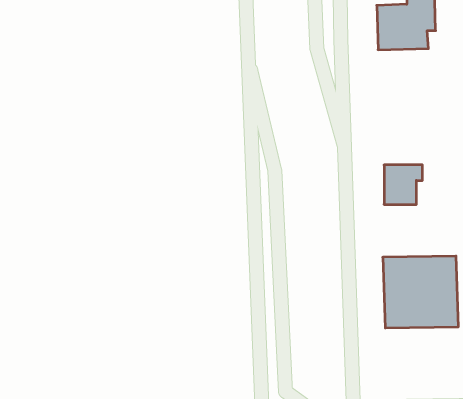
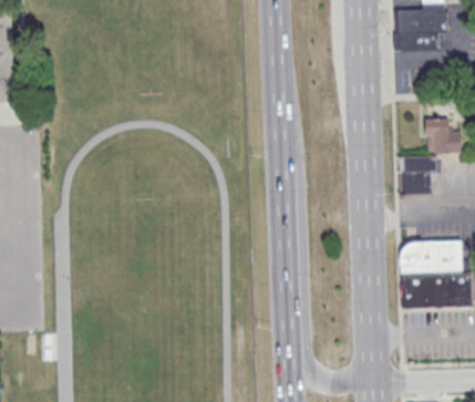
building: none -> [425,118,463,152]

